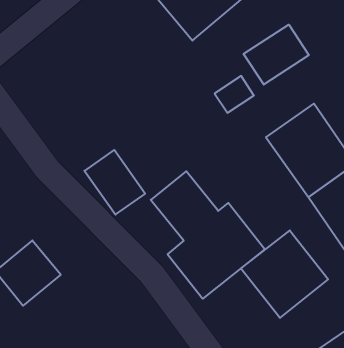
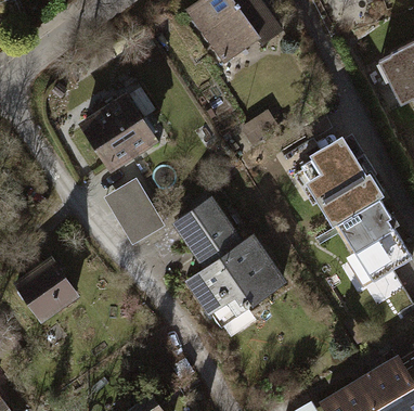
building: [244,25,309,85] -> none
building: none -> [73,89,154,172]
building: [241,230,328,318] -> none

